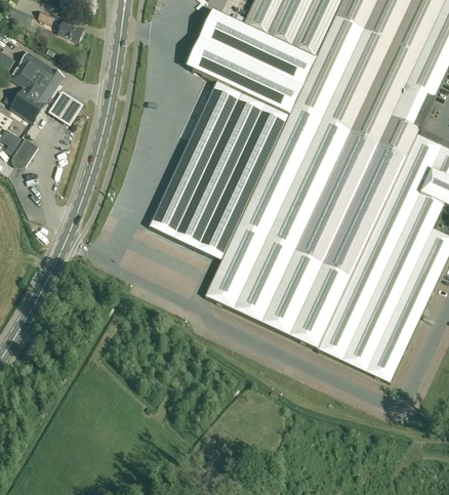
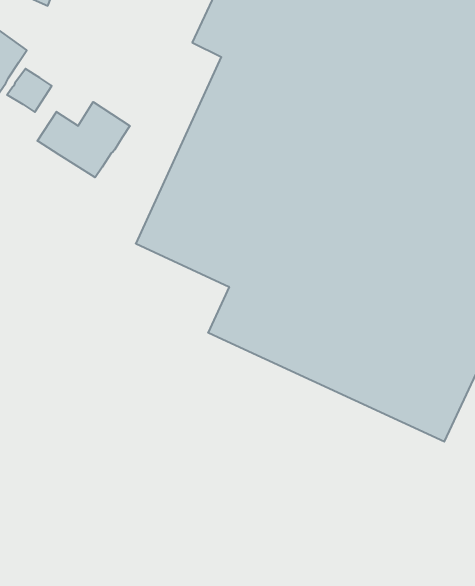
building: none -> [37,102,130,177]

